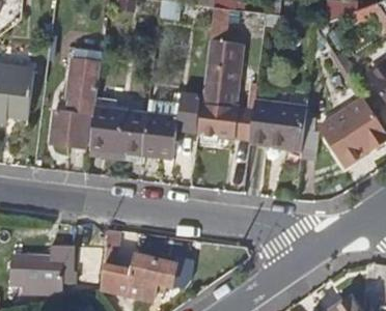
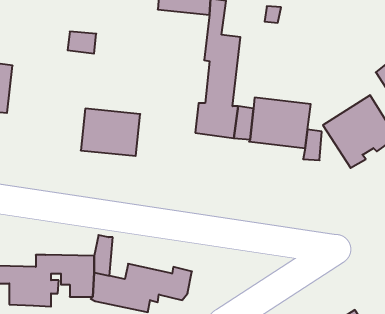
building: [51,61,98,146] -> none
building: [142,92,200,157] -> none

